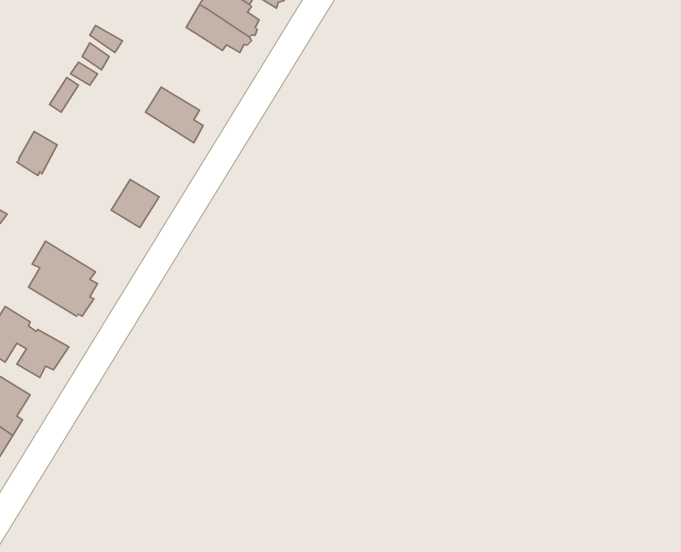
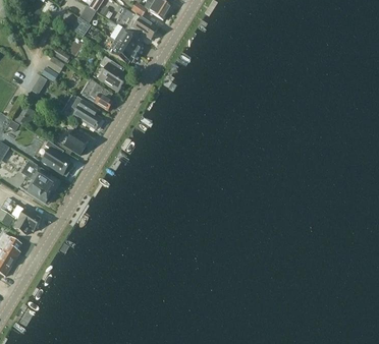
building: none -> [93,56,127,91]
building: none -> [63,95,106,128]
building: none -> [35,139,71,174]

